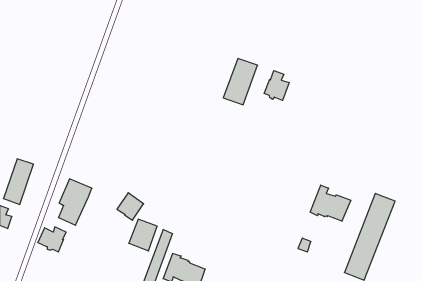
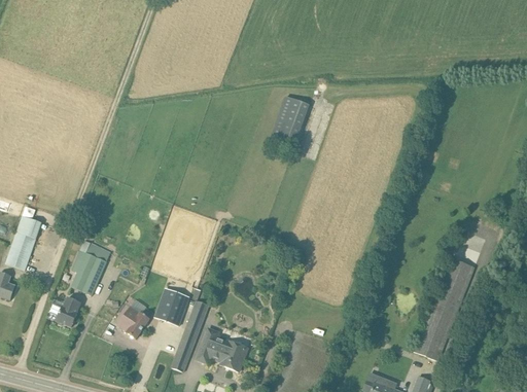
building: [264,71,289,100] -> none
building: [310,185,351,221] -> none
building: [117,193,144,220] -> [117,306,149,338]

